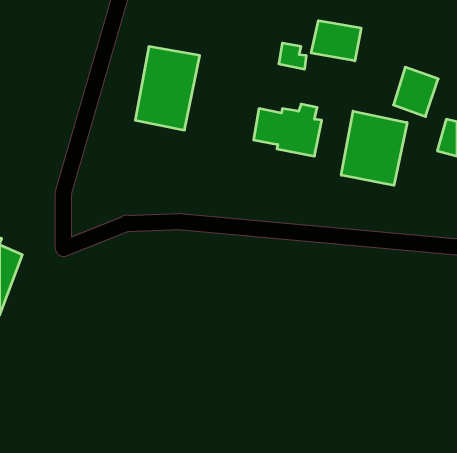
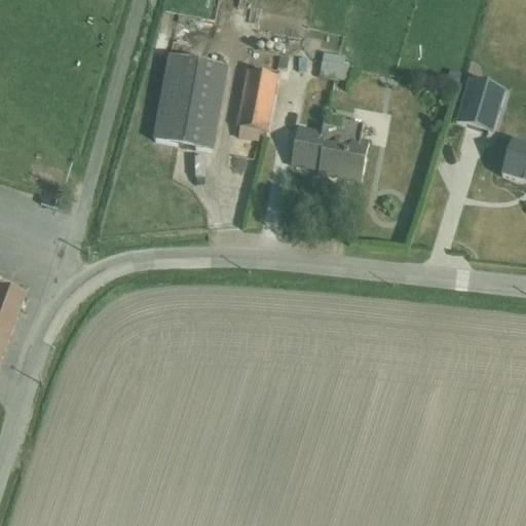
building: [311,21,361,61] -> none
building: none -> [236,68,278,139]
building: [341,111,407,185] -> none

